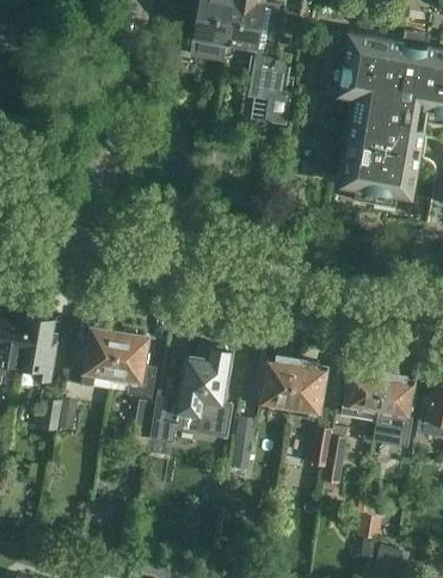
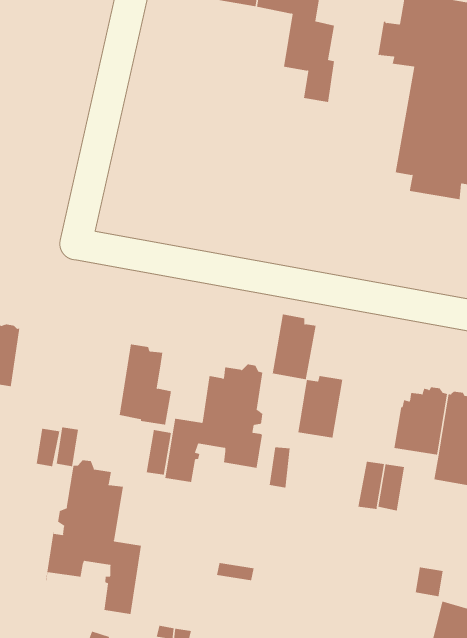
building: [20,315,56,380] -> none
building: [81,326,119,388] -> none
building: [288,358,326,413] -> [271,314,317,380]
building: none -> [45,459,142,615]

